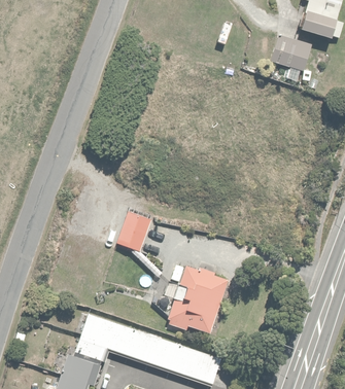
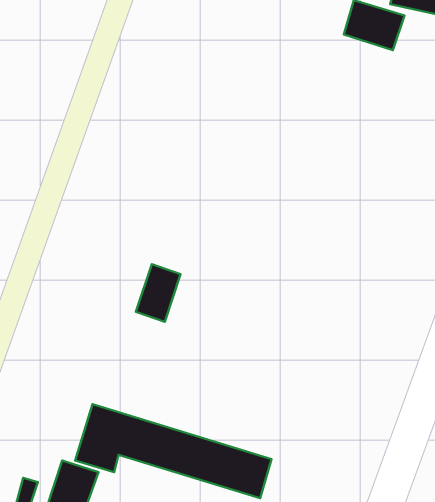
building: [170,267,227,333] -> none

